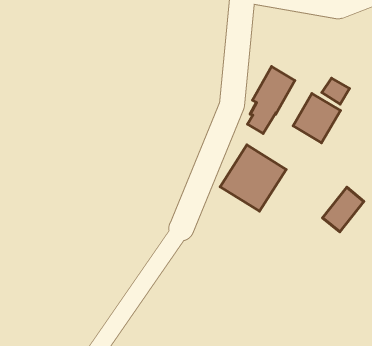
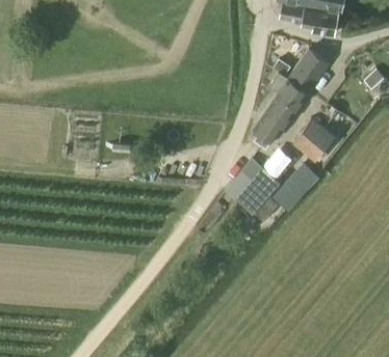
building: none -> [269,49,329,105]
building: [323,187,364,232] -> [282,163,318,200]

